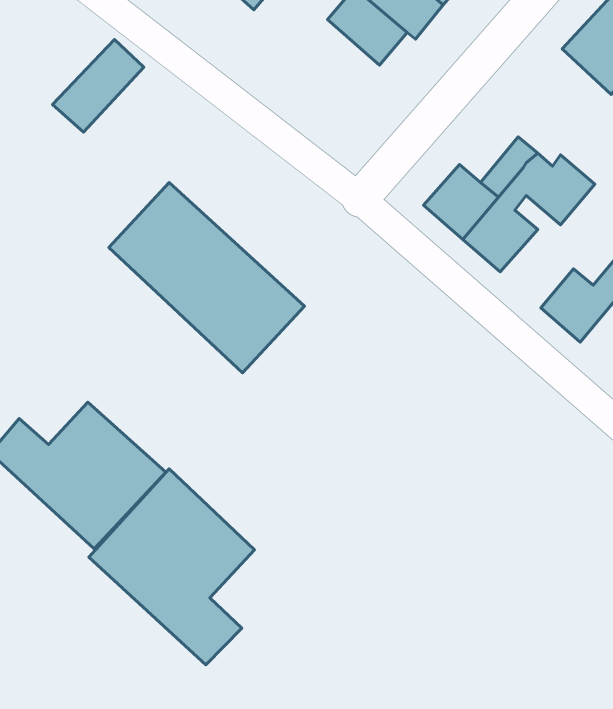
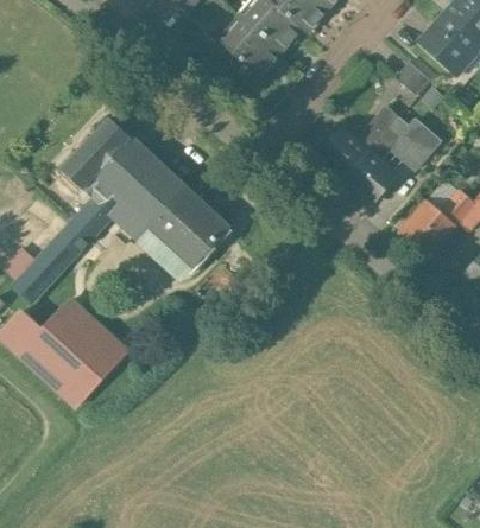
building: none -> [225,18,284,75]
building: [53,39,144,132] -> [64,116,131,184]
building: none -> [394,57,432,94]
building: none -> [15,197,109,303]
building: [89,469,254,665] -> none

